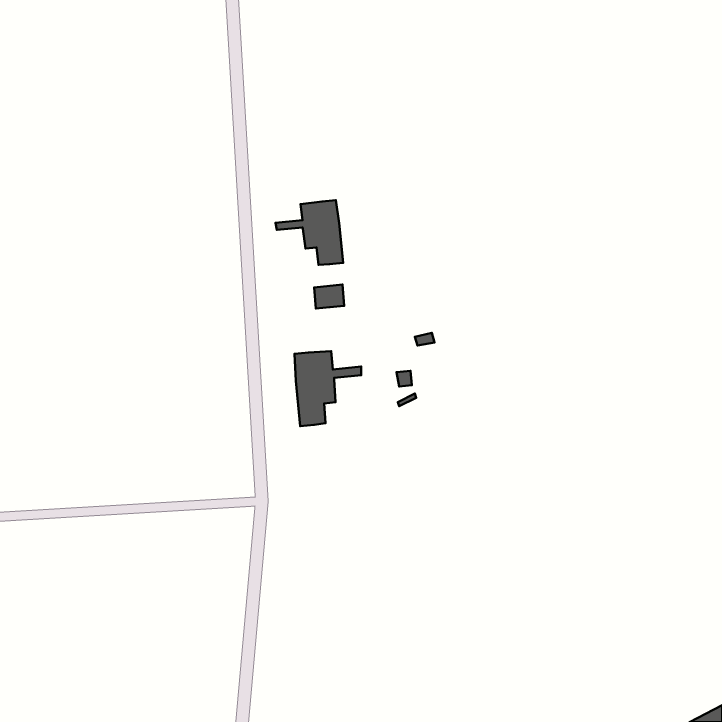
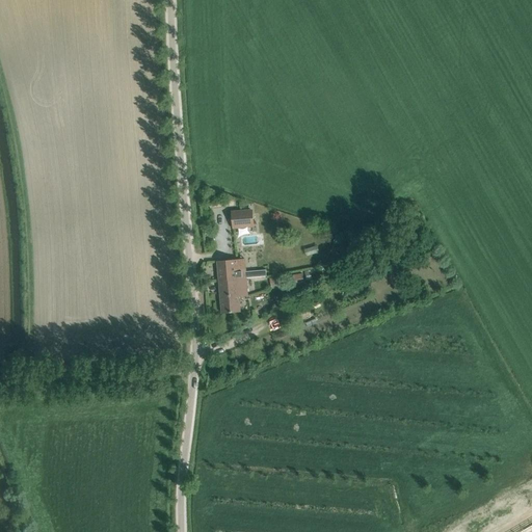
building: [275,200,343,265] -> none

